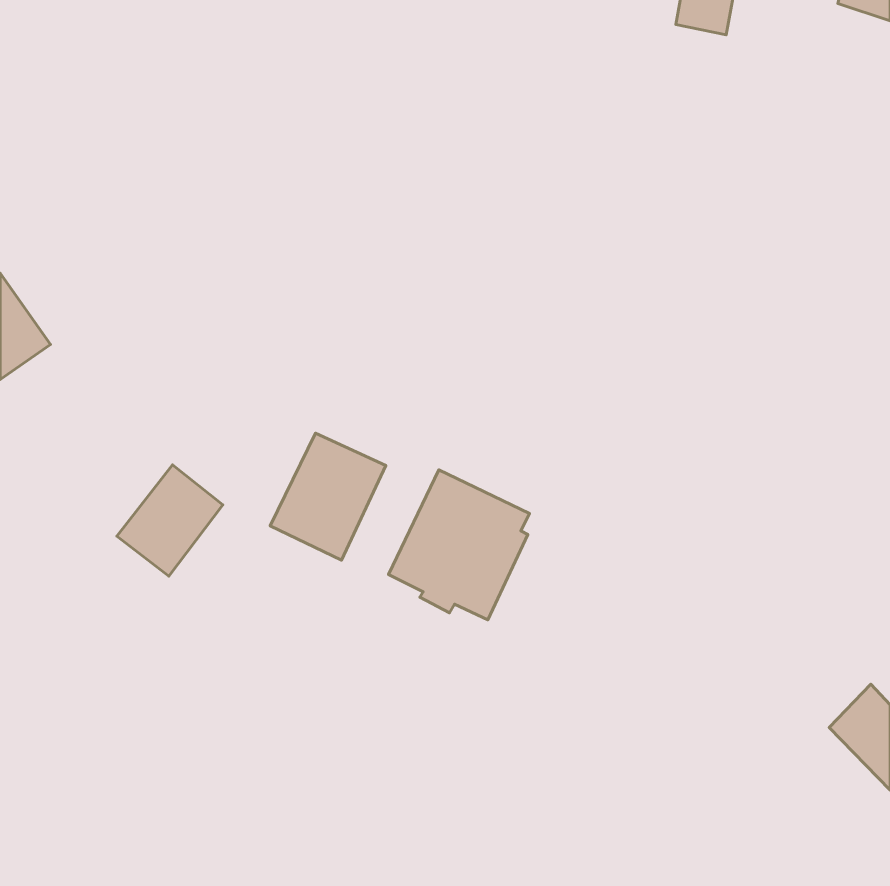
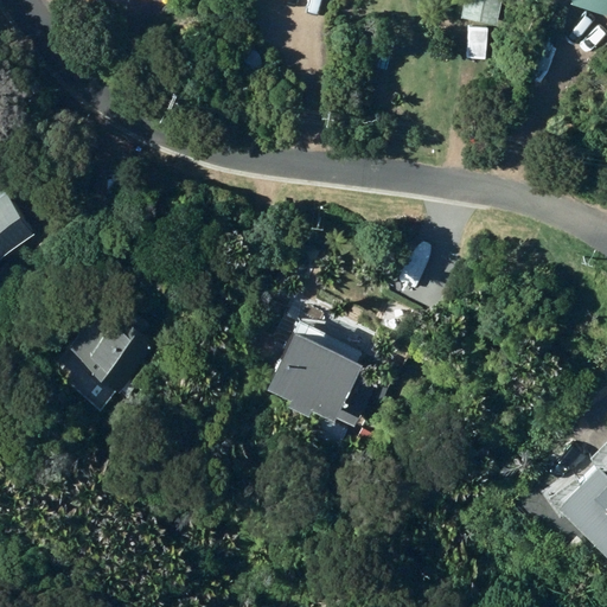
building: [270,433,386,560] -> none

